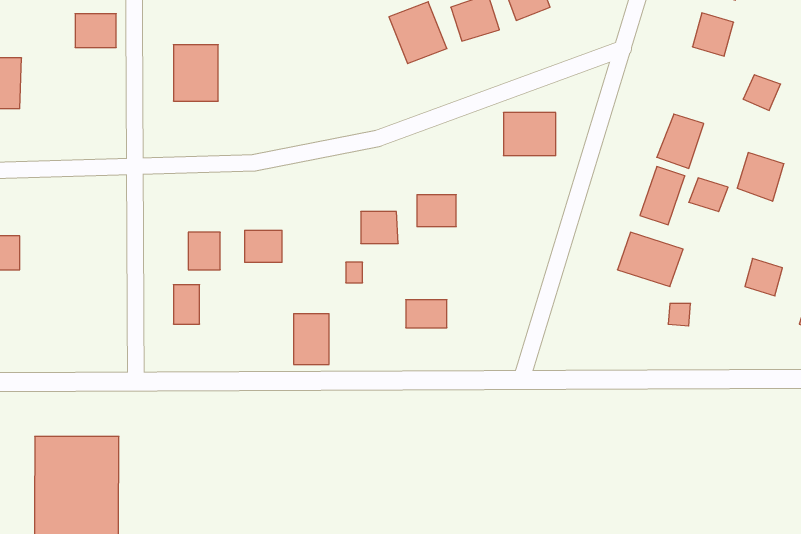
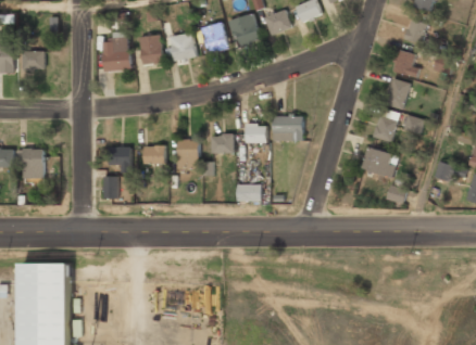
building: [75,14,116,47] -> [20,51,43,71]
building: none -> [200,24,227,54]
building: none -> [168,34,195,61]
building: none -> [138,35,163,66]
building: [503,113,556,156] -> [272,117,302,142]
building: [737,153,784,201] -> [391,50,418,78]
building: none -> [23,148,43,179]
building: [294,314,329,364] -> [177,139,198,168]

